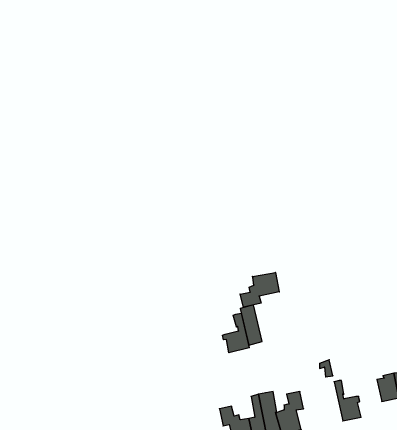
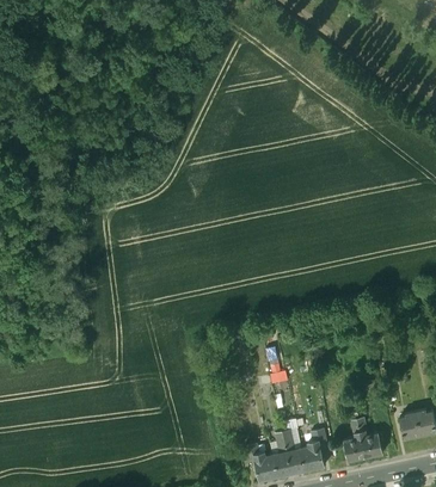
building: [240,272,279,307] -> none
building: [223,313,249,353] -> none
building: none -> [340,419,364,461]

